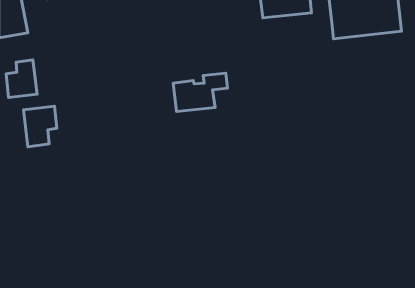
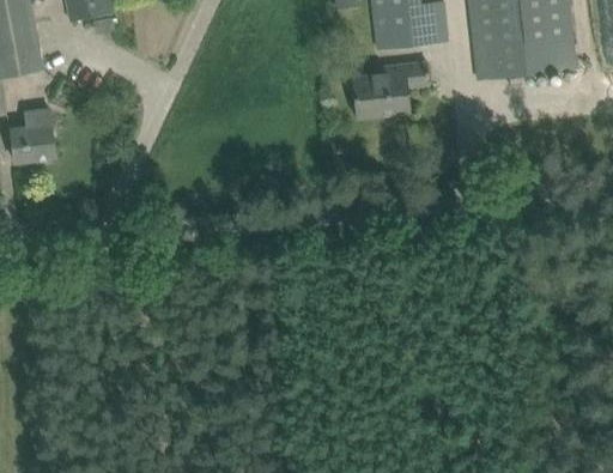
building: [173,73,228,112] -> [351,62,429,117]
building: [24,106,57,147] -> none

